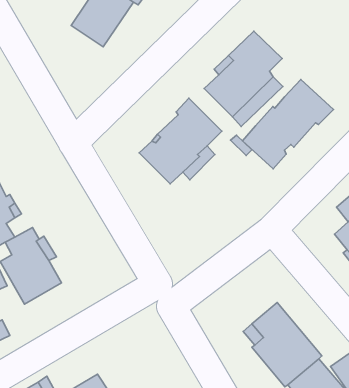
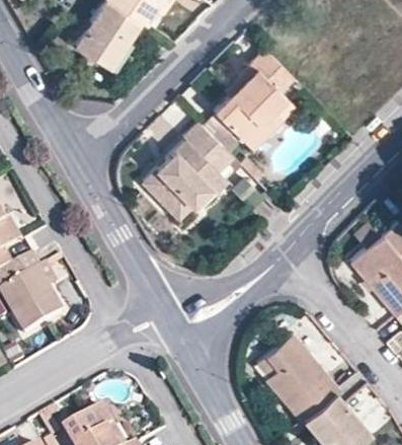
building: [242,79,334,169] -> none

